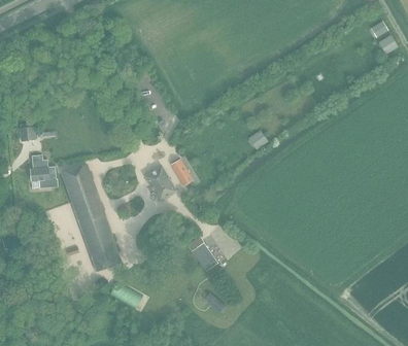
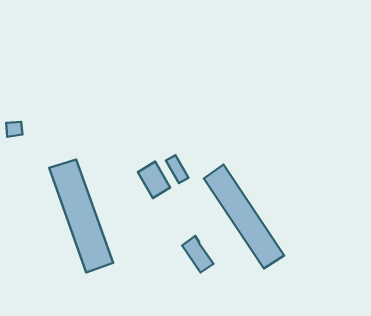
building: [30,153,56,185] -> none
building: none -> [204,164,284,269]

